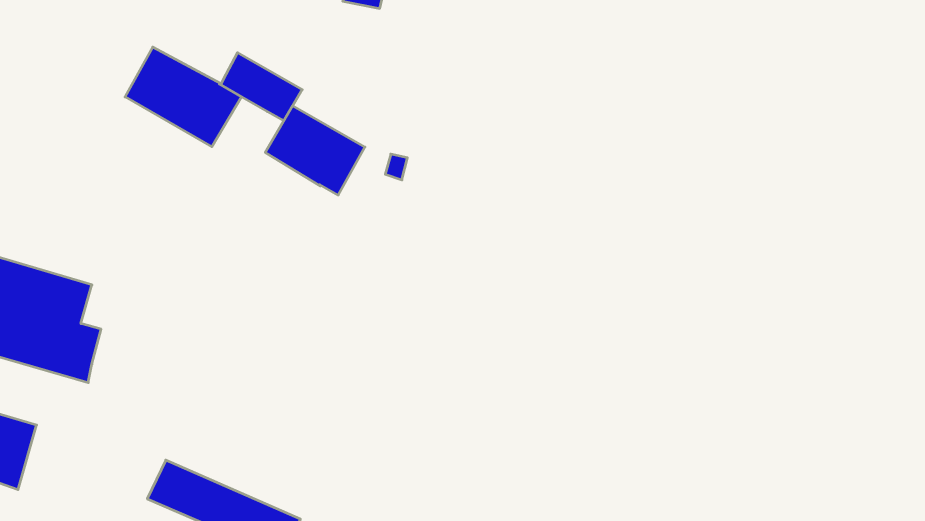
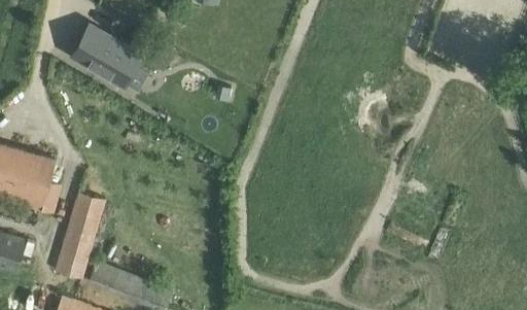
building: [265,106,365,195] -> none
building: none -> [55,193,106,280]

